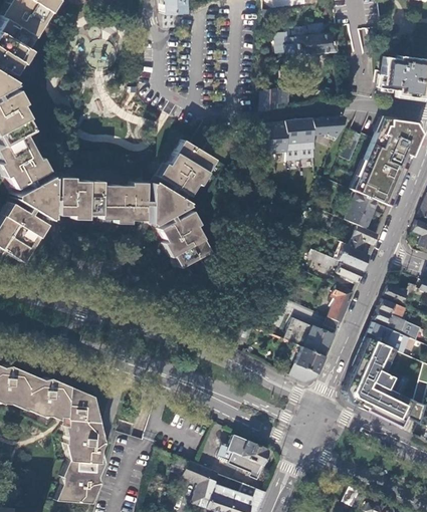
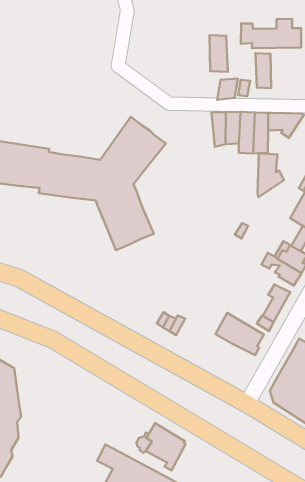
building: none -> [210,35,228,72]
building: none -> [255,53,271,88]
building: none -> [257,153,284,197]
building: [290,348,327,383] -> none

